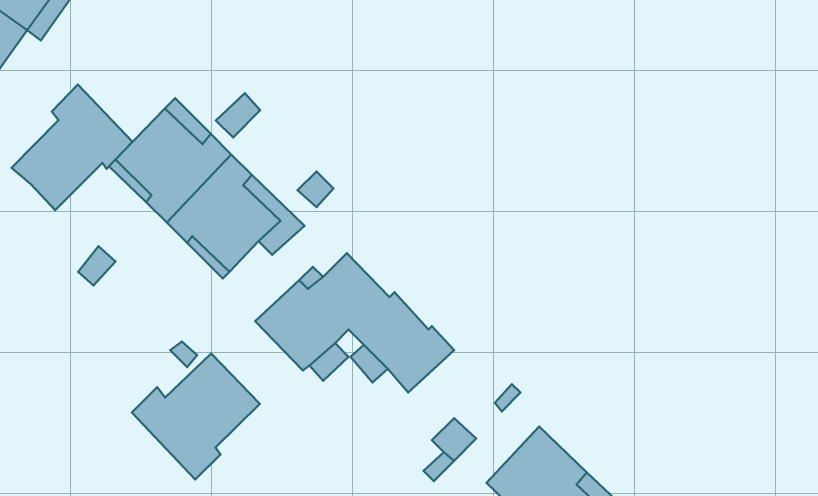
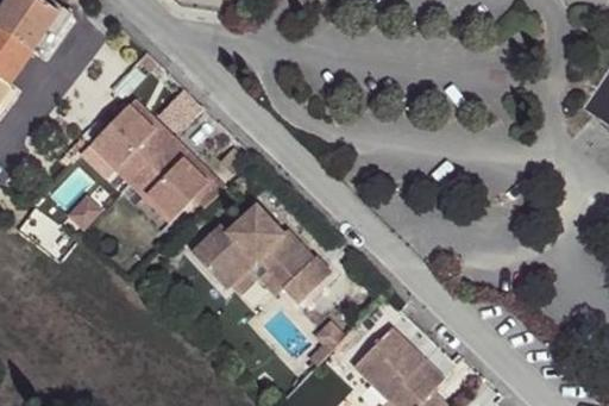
building: [11,85,132,210] -> none
building: [132,354,260,479] -> none

